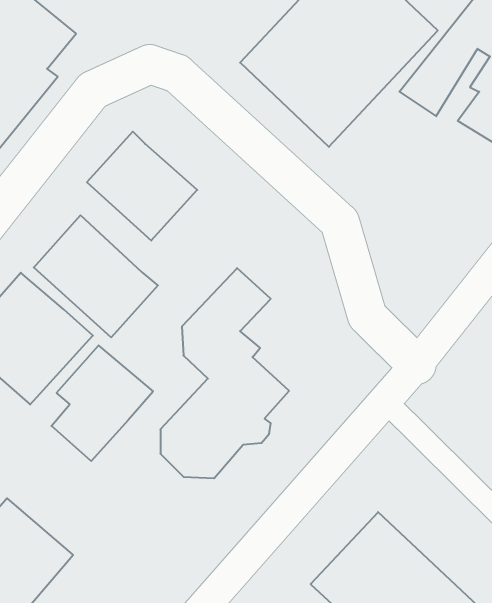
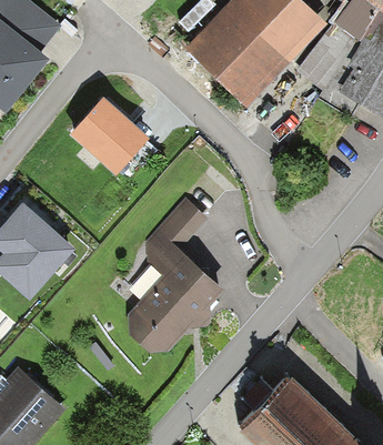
building: [34,215,158,337] -> none
building: [51,345,153,461] -> none

